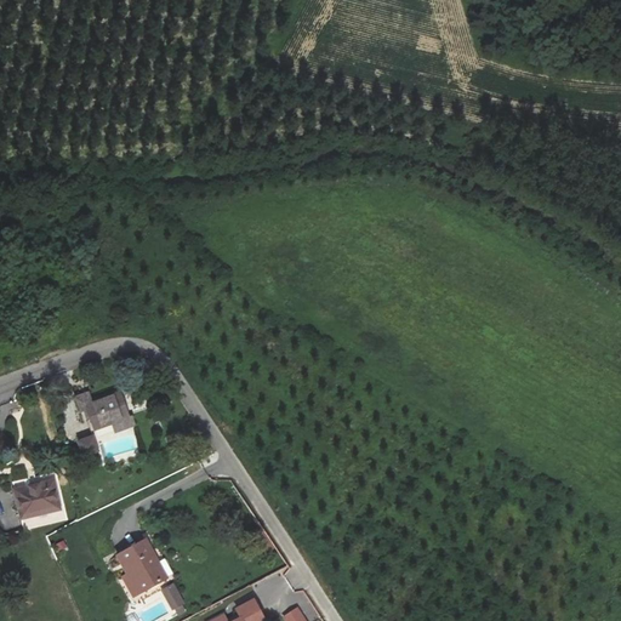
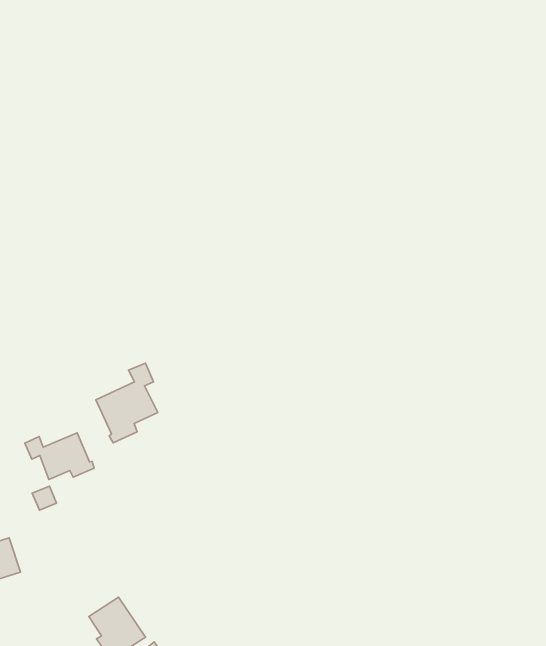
building: none -> [96,363,158,443]

